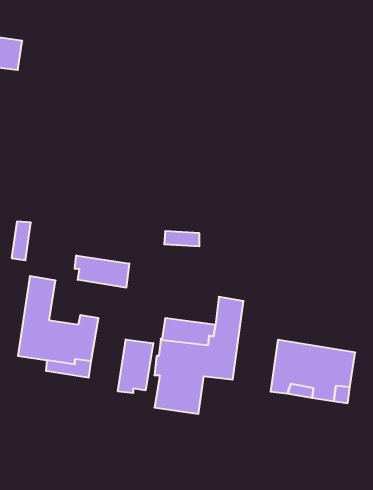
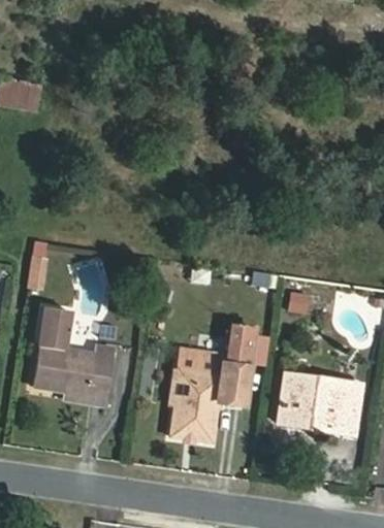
building: [75,255,129,288] -> none
building: [118,339,153,393] -> none

